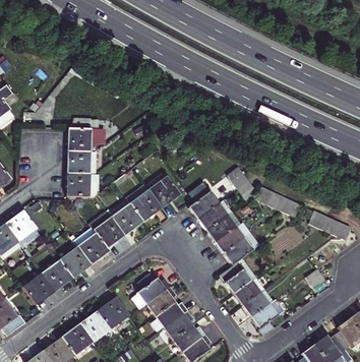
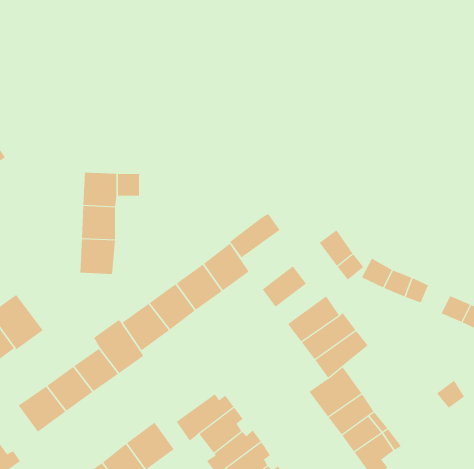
building: [197,199,232,230] -> [229,213,280,258]

